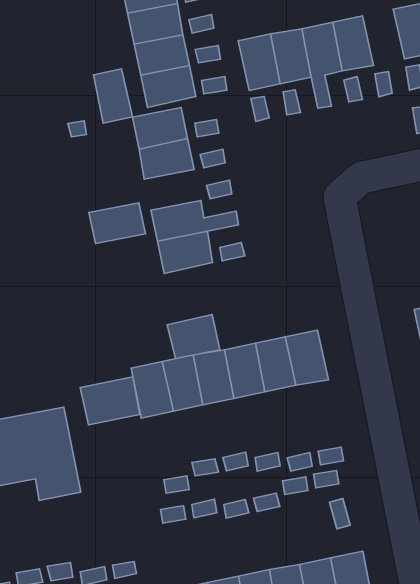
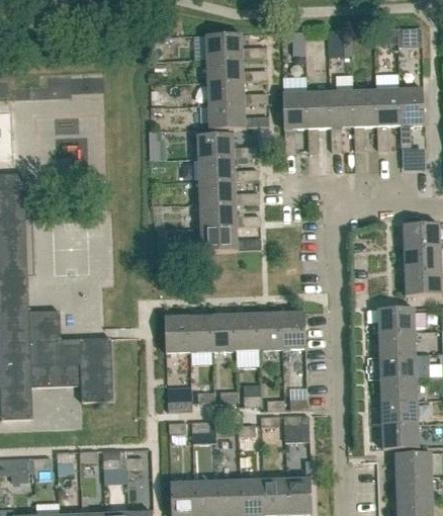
building: none -> [375,88,401,126]
building: [93,69,133,123] -> none
building: [89,203,145,244] -> [197,180,236,204]
building: [167,314,220,358] -> none
building: [80,377,140,425] -> none

